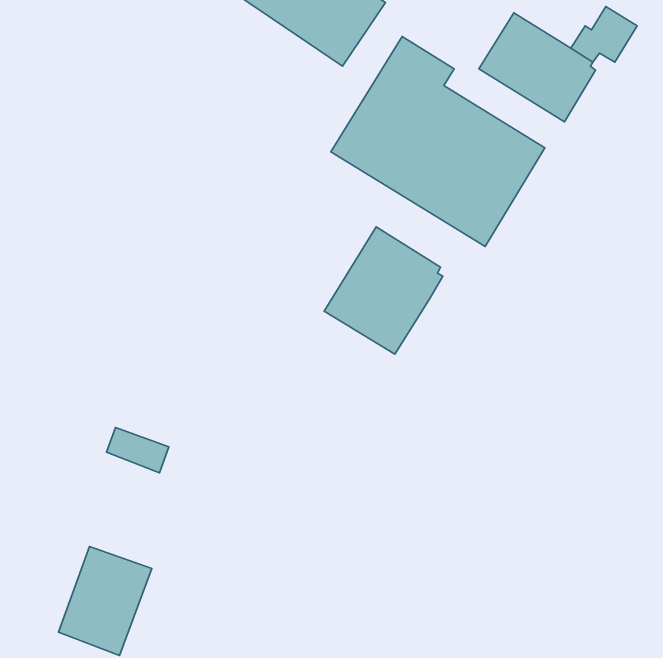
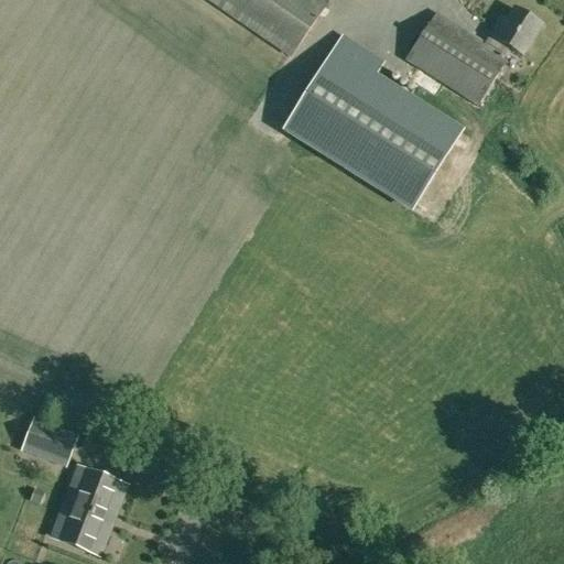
building: [324,227,443,354] -> none
building: [106,427,169,473] -> [23,420,76,458]

